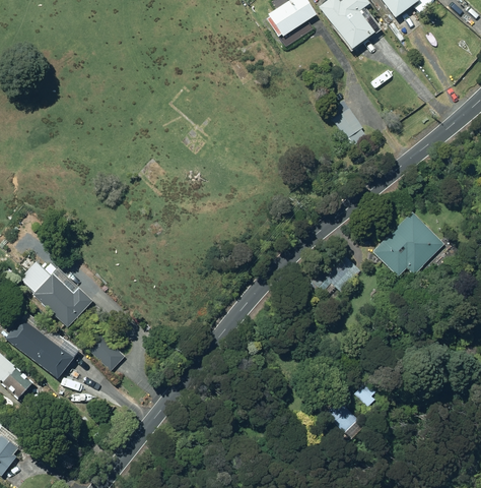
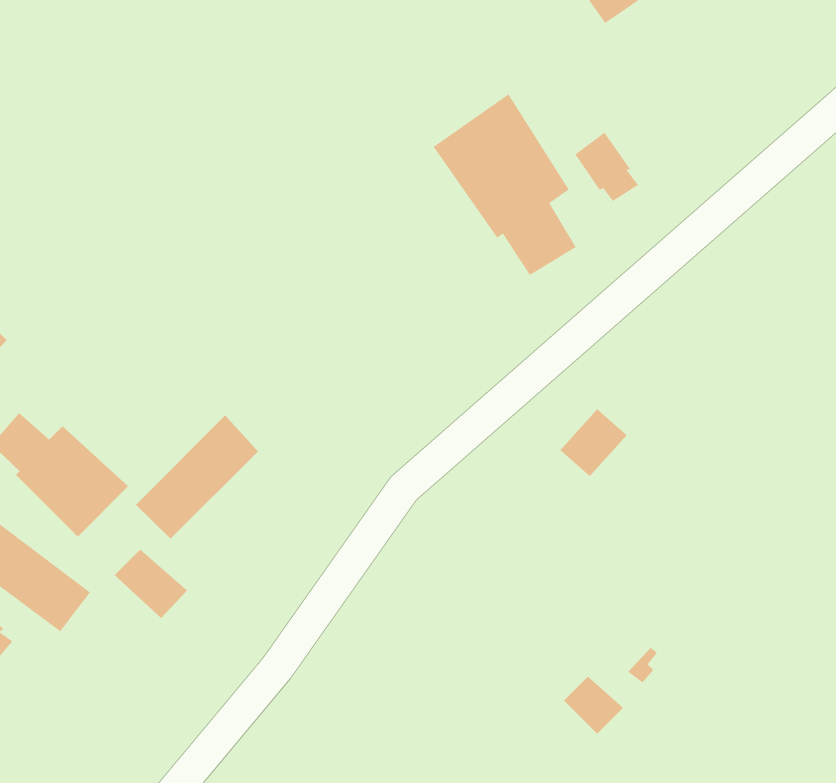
building: none -> [433,94,577,276]
building: [371,212,444,279] -> none
building: none -> [135,415,259,539]

